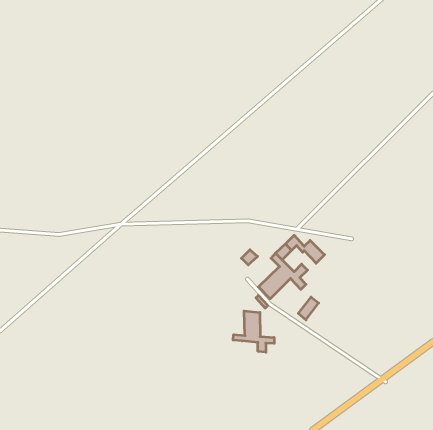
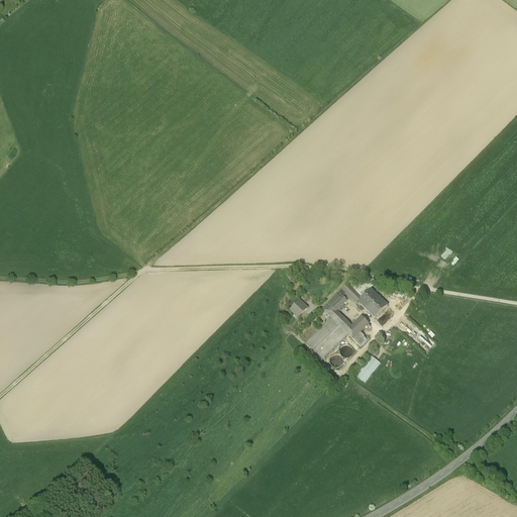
building: [233,311,274,352] -> none

